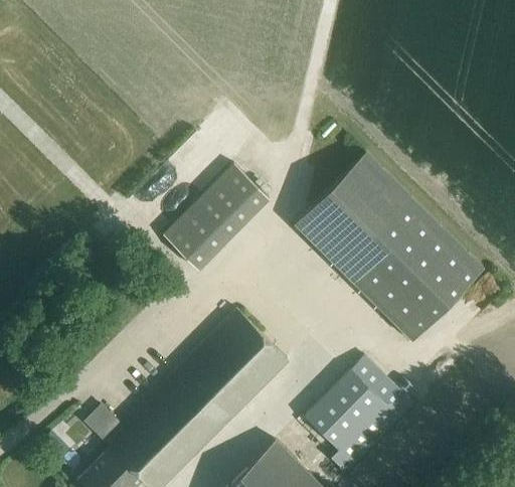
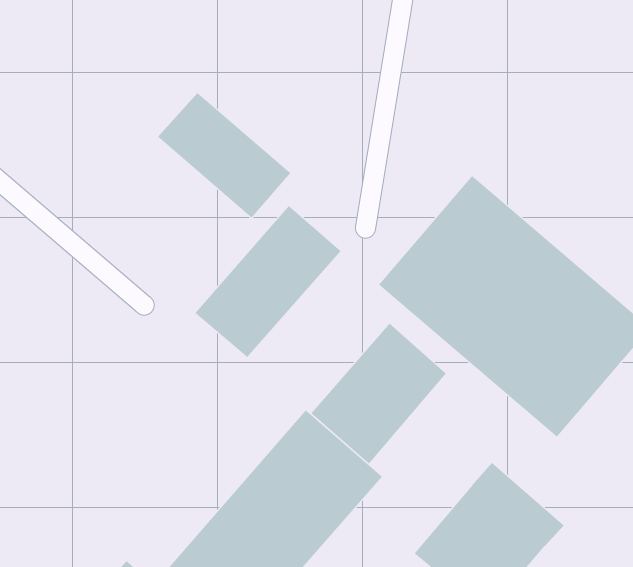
building: none -> [157,92,291,219]
building: none -> [311,323,447,464]

